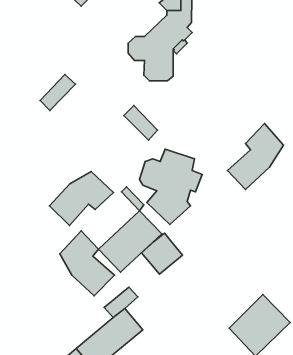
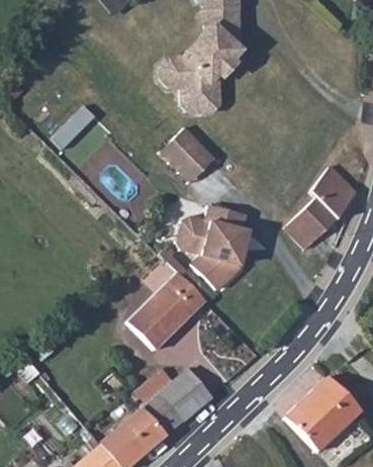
building: none -> [171,129,214,175]
building: [49,172,114,225] -> none
building: [60,231,114,296] -> none
building: [141,233,182,274] -> [160,370,210,421]

